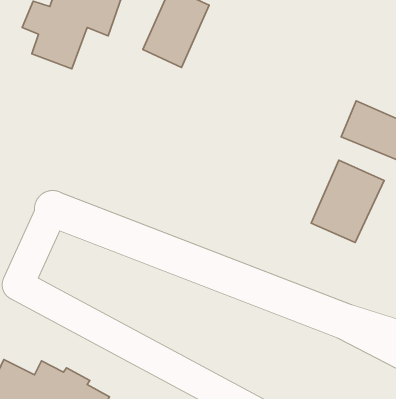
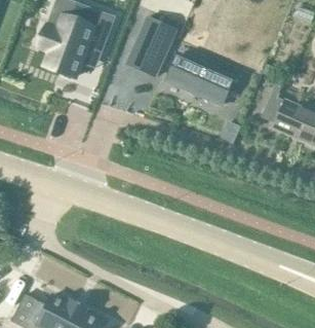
building: none -> [166,53,232,104]
building: [311,160,384,242] -> none

